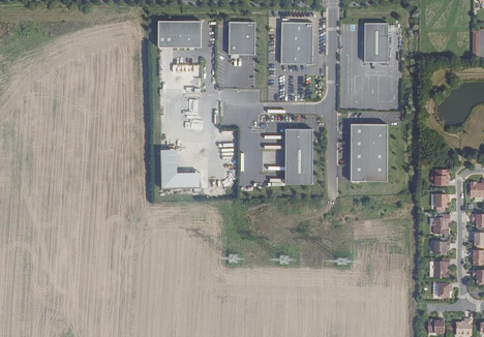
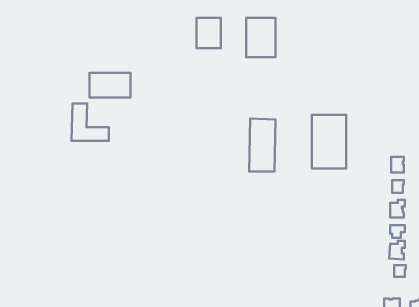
building: [157,21,201,47] -> [90,73,131,97]
building: [364,23,387,62] -> none
building: [159,149,199,188] -> [72,104,109,141]

